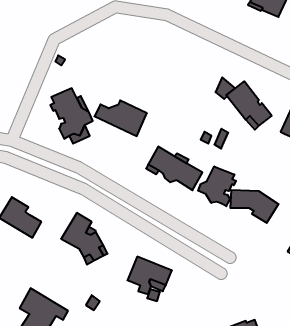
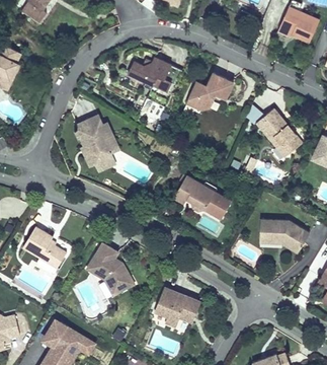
building: none -> [186,72,233,108]
building: [94,100,147,136] -> [128,57,181,93]
building: [198,166,236,206] -> none

